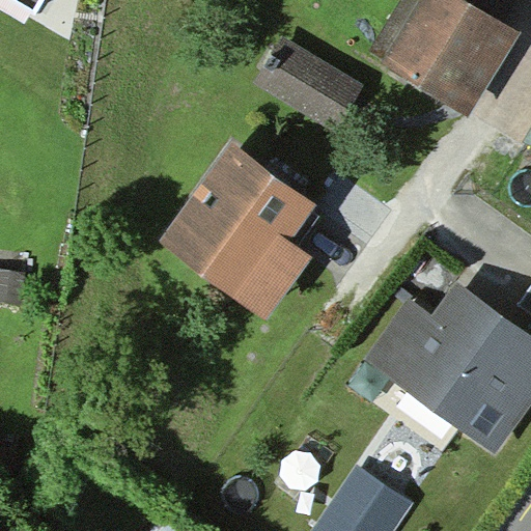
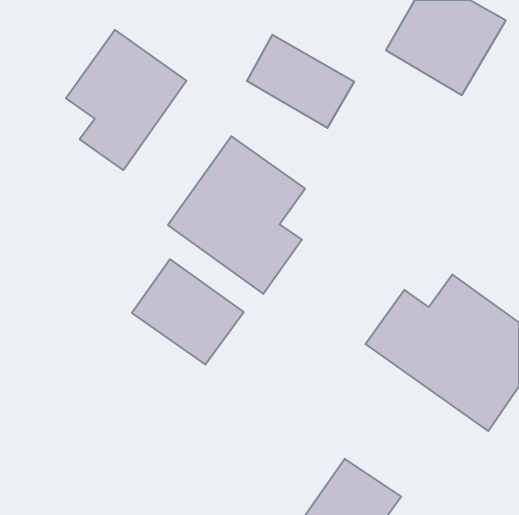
building: none -> [66,30,186,170]
building: none -> [132,259,244,365]

